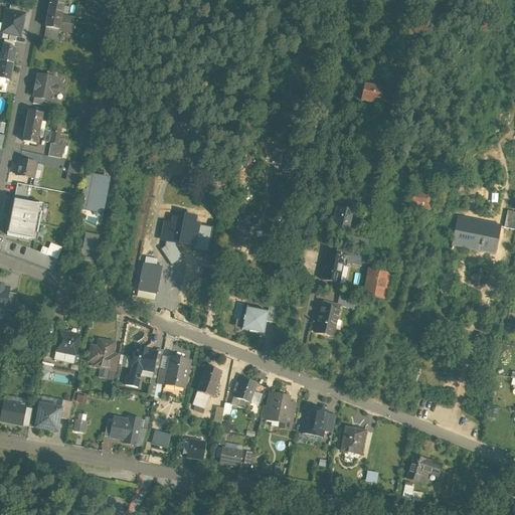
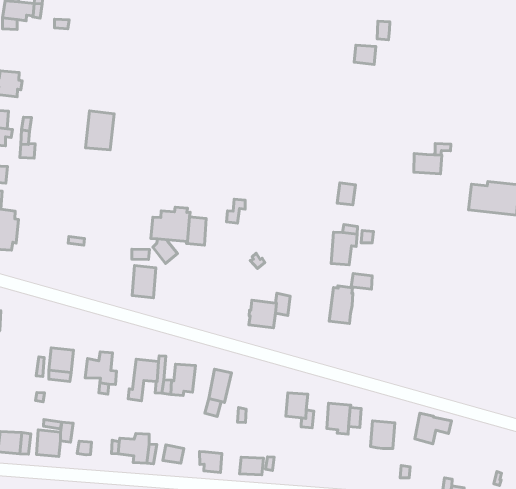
building: [79,170,109,207] -> [86,111,114,150]
building: [363,266,390,297] -> none
building: [233,376,256,408] -> none
building: [406,454,442,483] -> [415,413,452,444]

